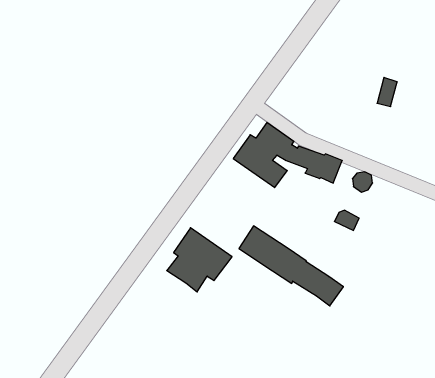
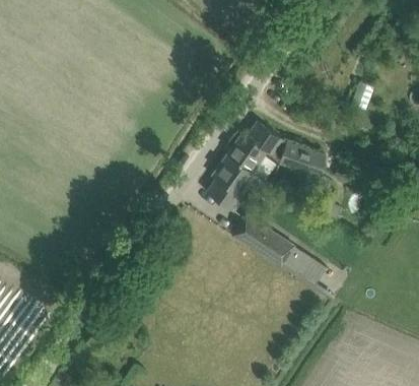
building: [167,228,232,292] -> [205,153,264,211]

